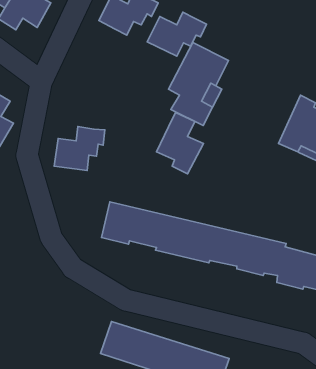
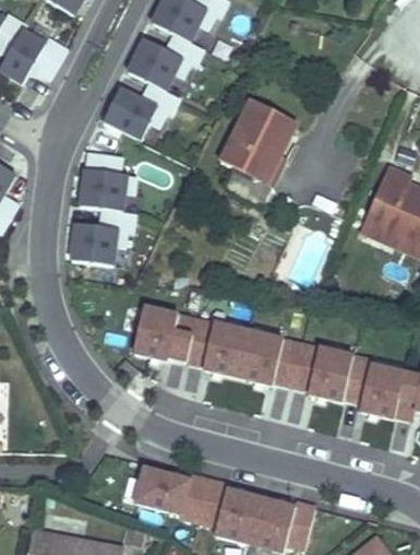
building: [147,12,206,56] -> [104,82,180,139]
building: none -> [81,151,137,211]
building: [157,112,204,174] -> none

